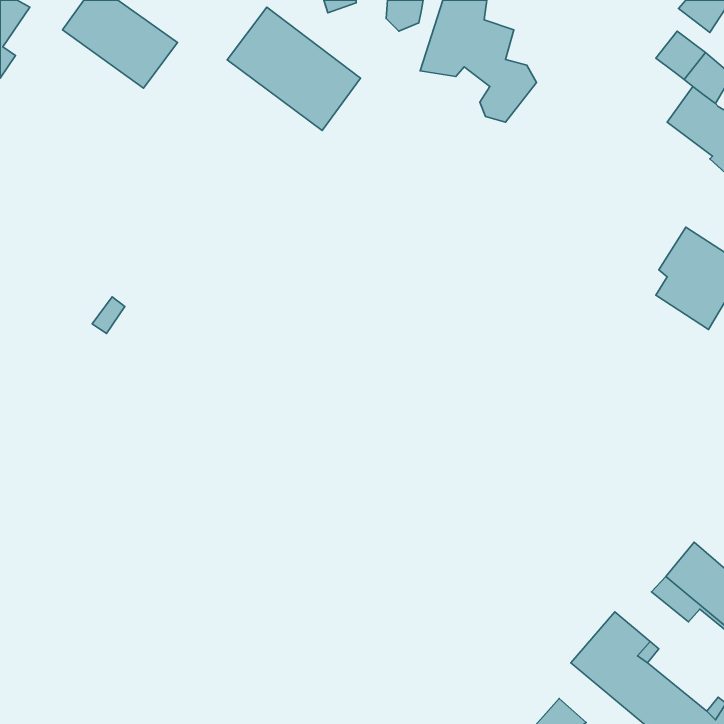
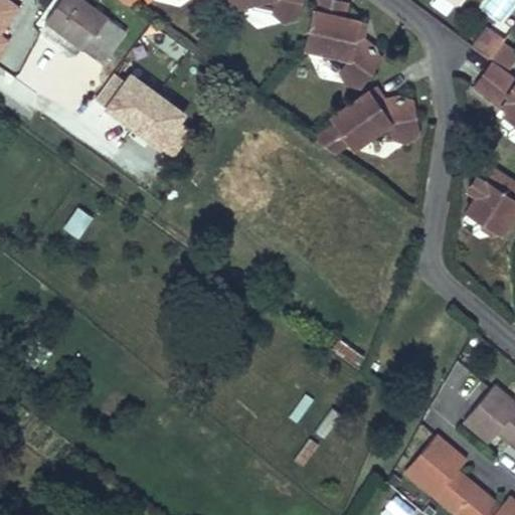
building: [227,7,361,131] -> [92,65,186,153]
building: none -> [311,88,417,157]

